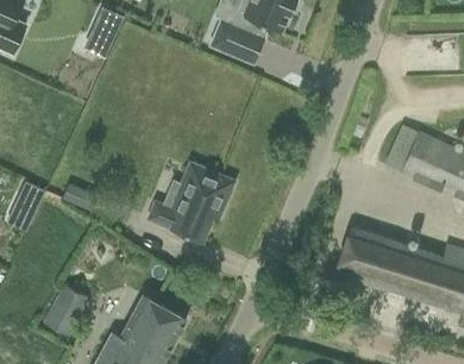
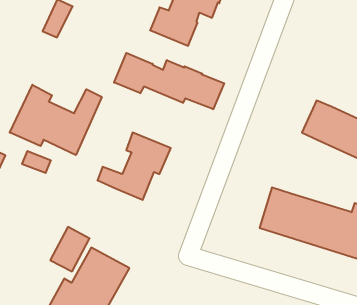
building: none -> [114,53,224,109]
building: none -> [10,85,102,155]
building: [44,284,89,335] -> [50,227,90,271]

